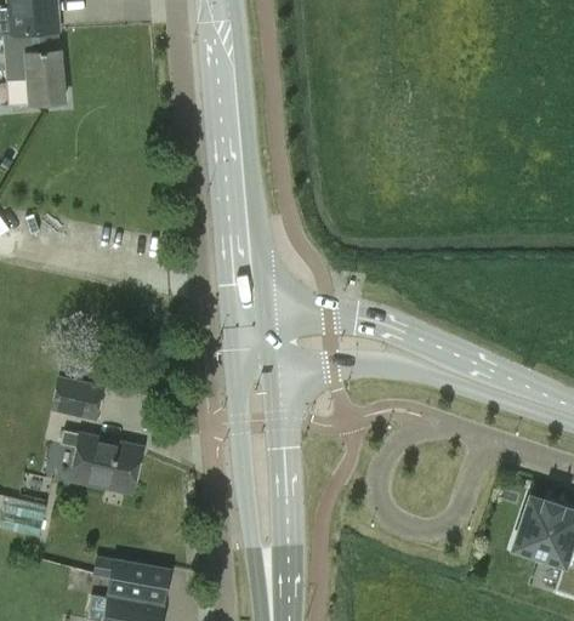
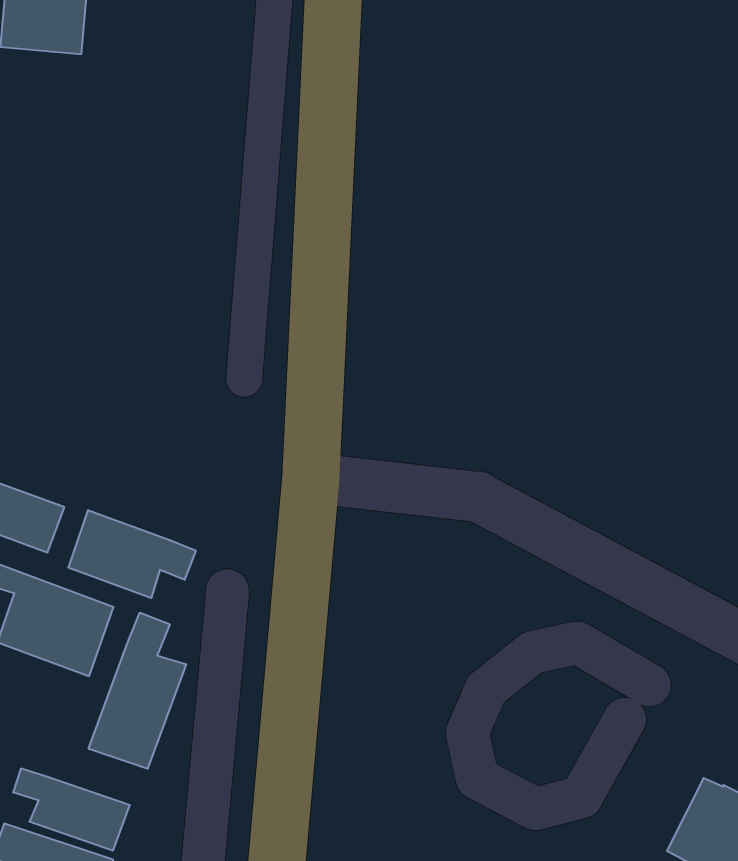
building: none -> [68,510,196,598]
building: none -> [89,613,186,769]

